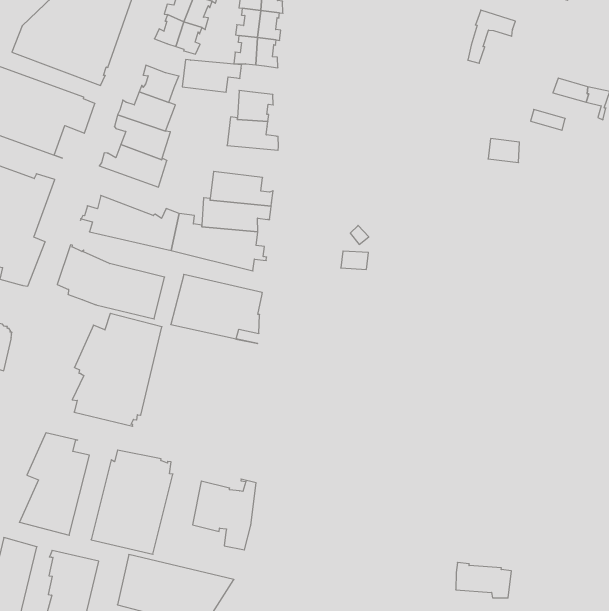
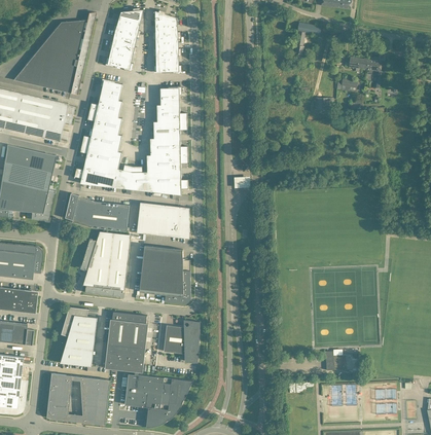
building: [182,60,242,92] -> [152,120,186,138]
building: none -> [78,143,120,169]
building: none -> [138,245,189,303]

